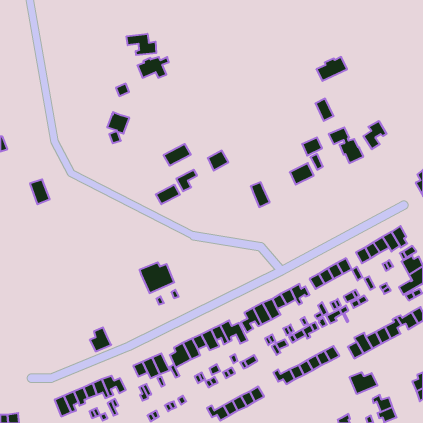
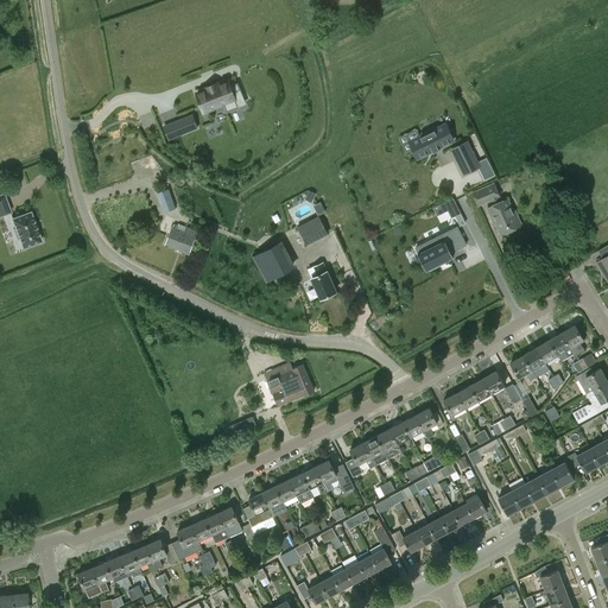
building: [127,34,156,55] -> none
building: [316,57,347,81] -> [410,124,454,158]
building: [107,112,129,134] -> [165,223,197,254]
building: [363,121,387,149] -> none
building: [164,144,191,166] -> none
building: [30,179,50,204] -> [12,213,40,248]
building: [251,182,270,207] -> [309,262,336,298]
building: [156,185,180,204] -> none
building: [139,262,174,293] -> [264,362,314,406]
building: [90,327,111,351] -> [172,525,203,559]
building: none -> [370,526,395,569]
building: [350,372,377,394] -> none

